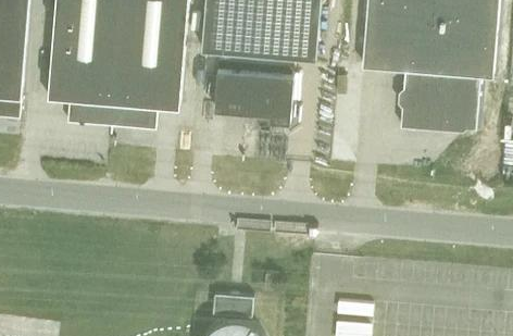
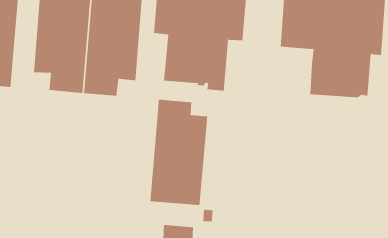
building: none -> [150,99,208,206]

